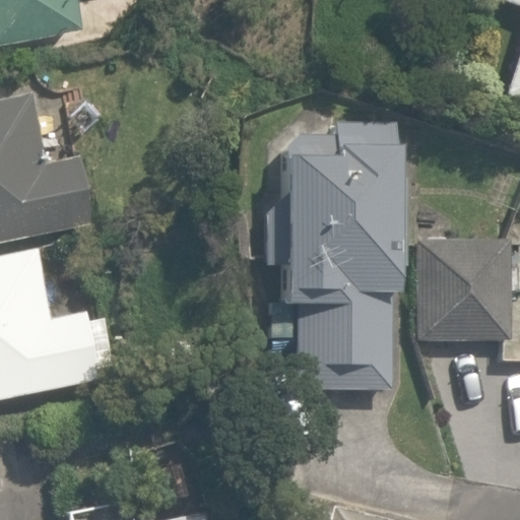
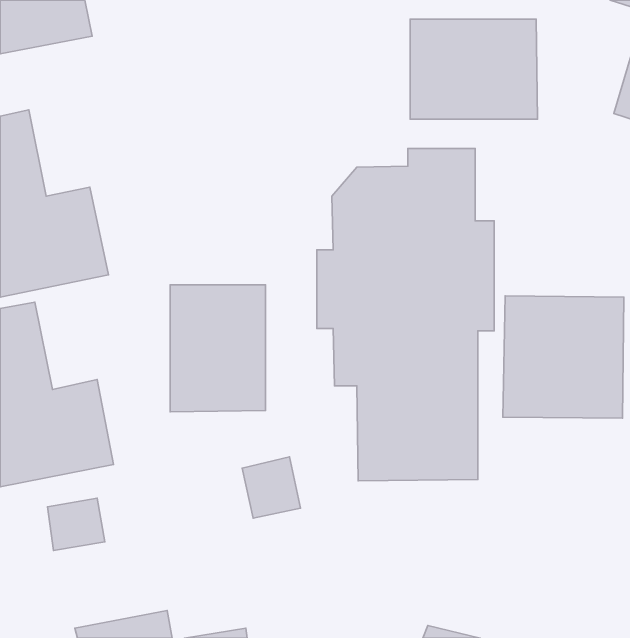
building: none -> [410,19,538,119]
building: none -> [170,285,266,412]

